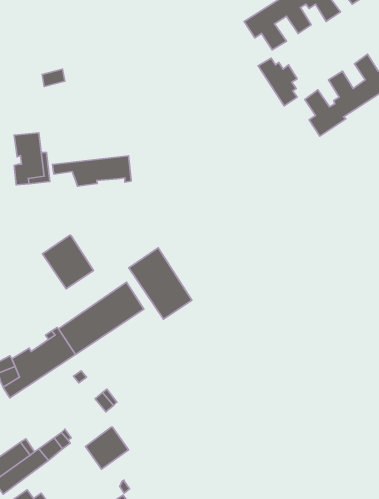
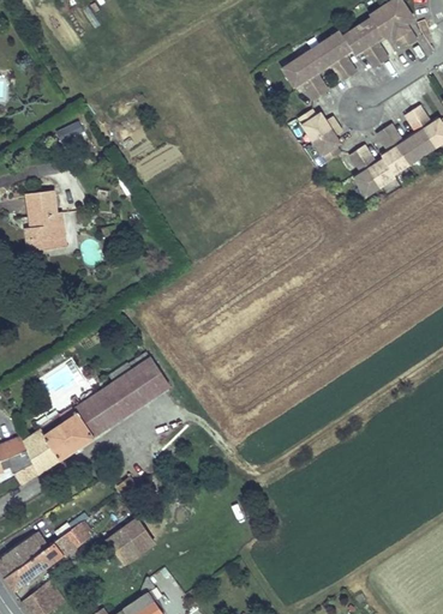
building: [52,156,131,186] -> none
building: [43,235,93,289] -> none
building: [129,248,192,319] -> none

